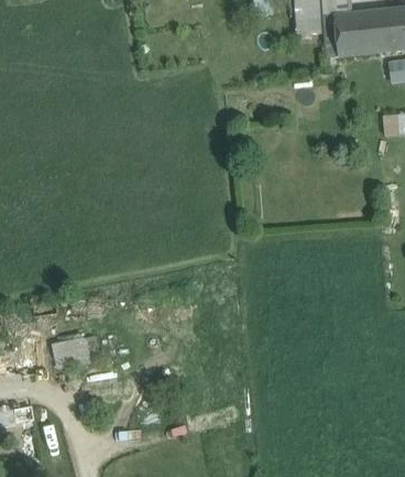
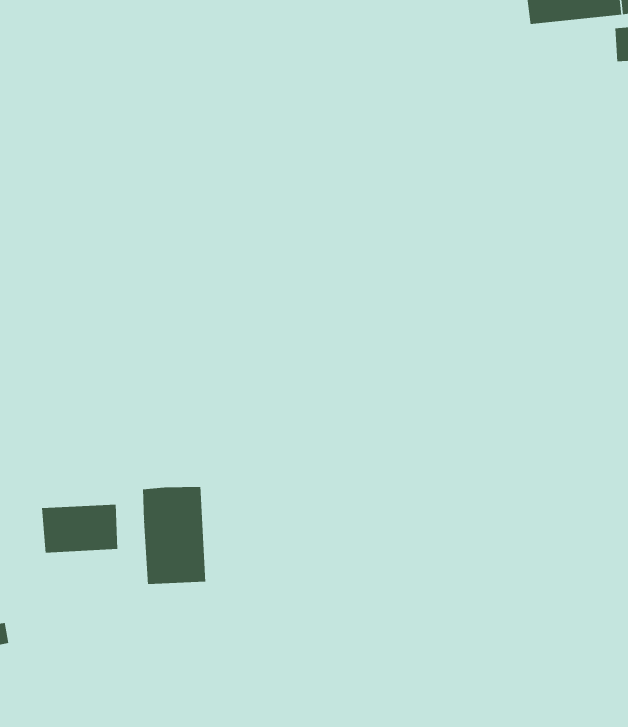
building: none -> [143,486,206,585]

